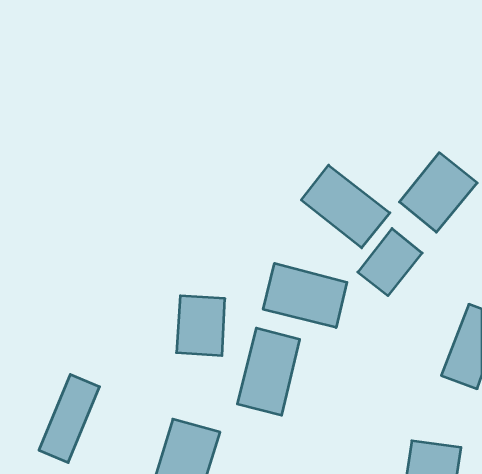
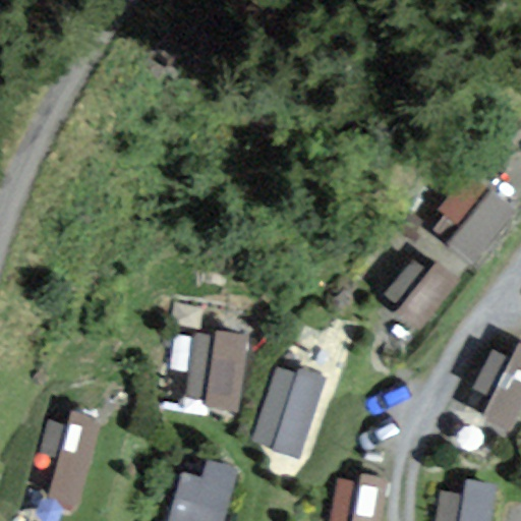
building: [301,165,390,248] -> none
building: [263,263,347,328] -> none

